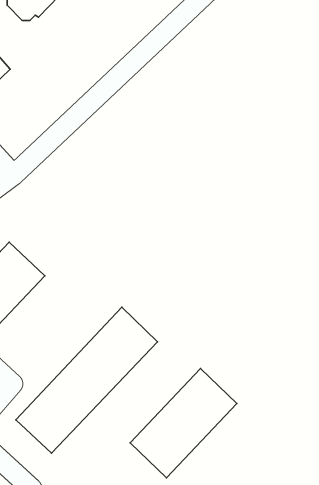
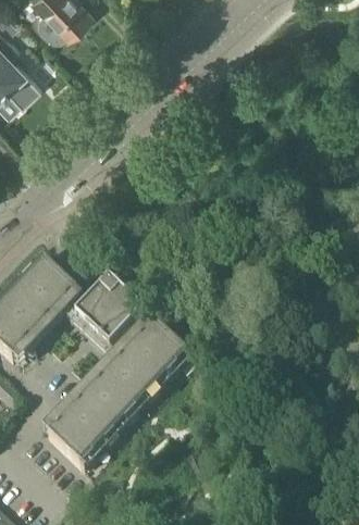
building: none -> [70,282,139,350]
building: [130,368,237,478] -> none

